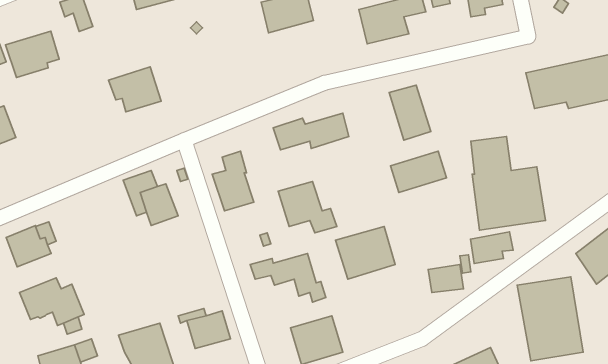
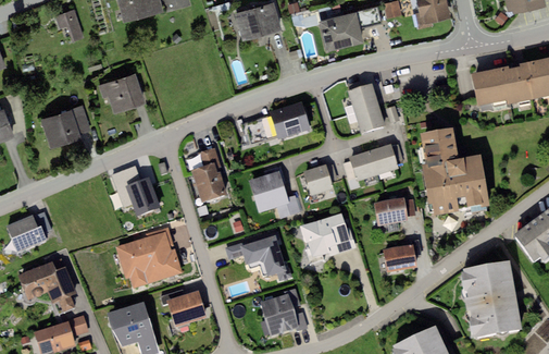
building: [6,31,59,78] -> [42,106,90,147]
building: none -> [303,168,333,198]
building: [471,232,513,263] -> [376,199,414,228]
building: none -> [115,228,183,289]

